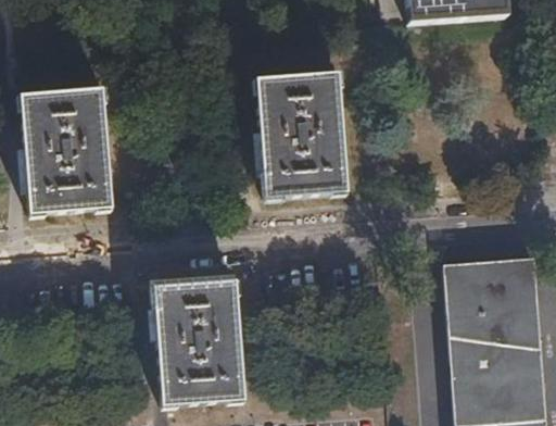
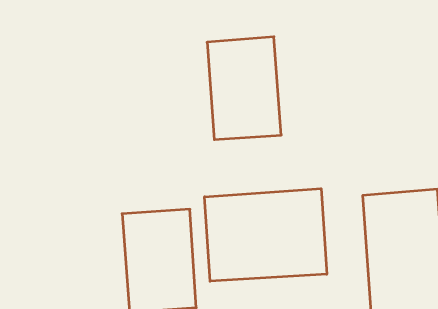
building: [22,89,112,214] -> none
building: none -> [205,189,327,281]

